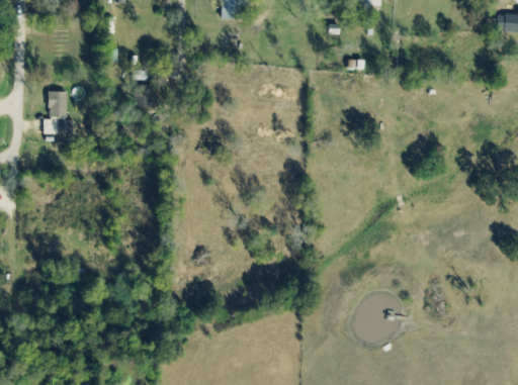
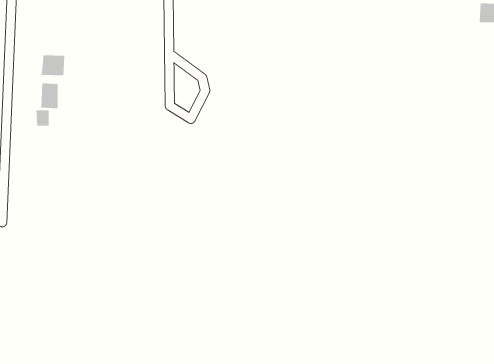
building: none -> [41,55,65,76]

